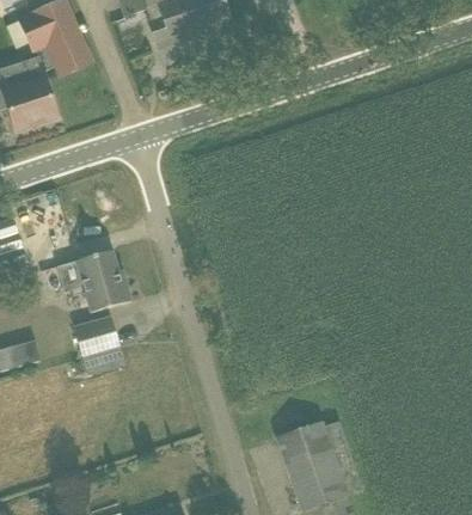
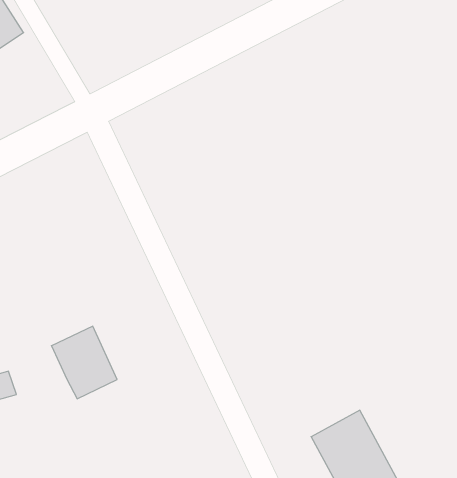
building: [56,249,130,311] -> none

